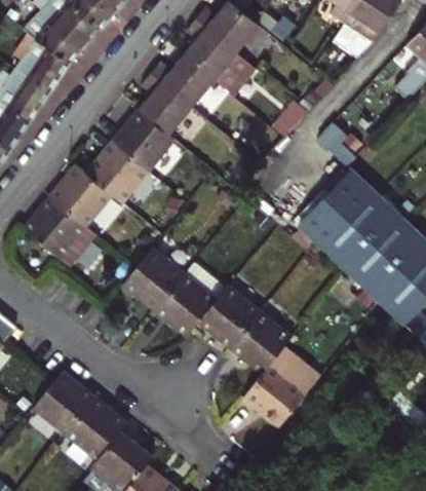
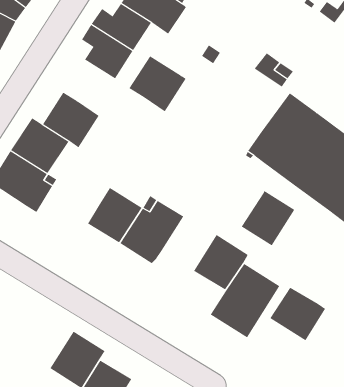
building: [111,109,173,172] -> [129,55,187,112]
building: [197,287,257,347] -> [241,190,295,246]
building: [32,371,93,433] -> none
building: none -> [270,287,326,341]

